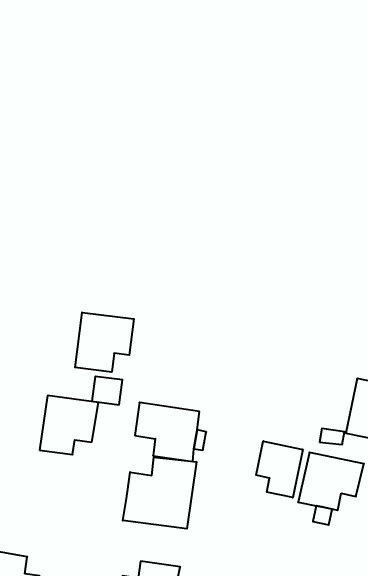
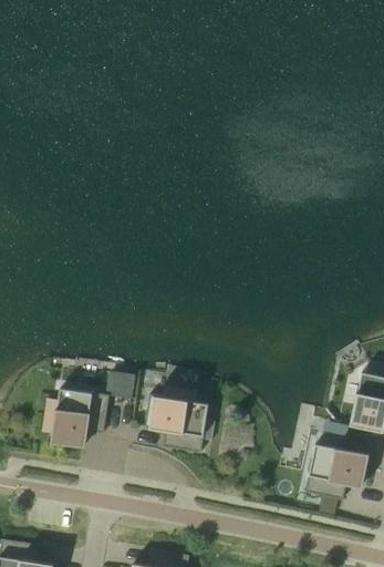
building: [75,312,134,372] -> none
building: [256,441,303,498] -> none
building: [123,457,197,529] -> none

